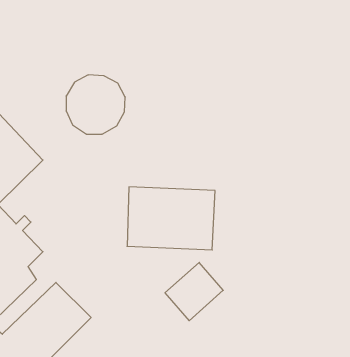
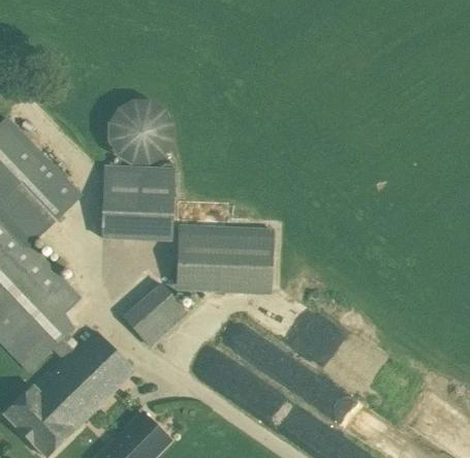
building: none -> [100,166,171,241]
building: [165,262,223,321] -> [122,281,187,346]

